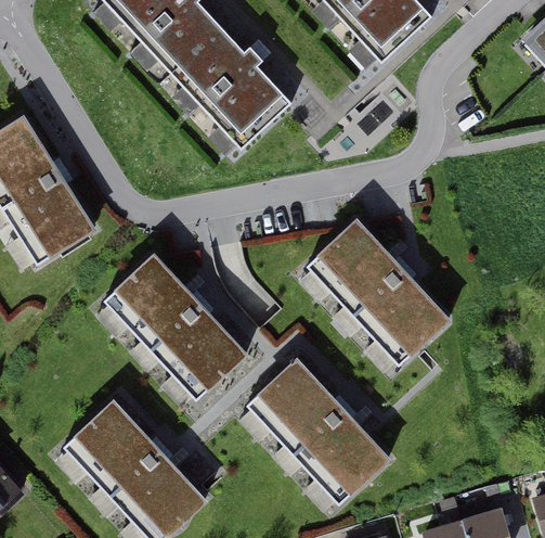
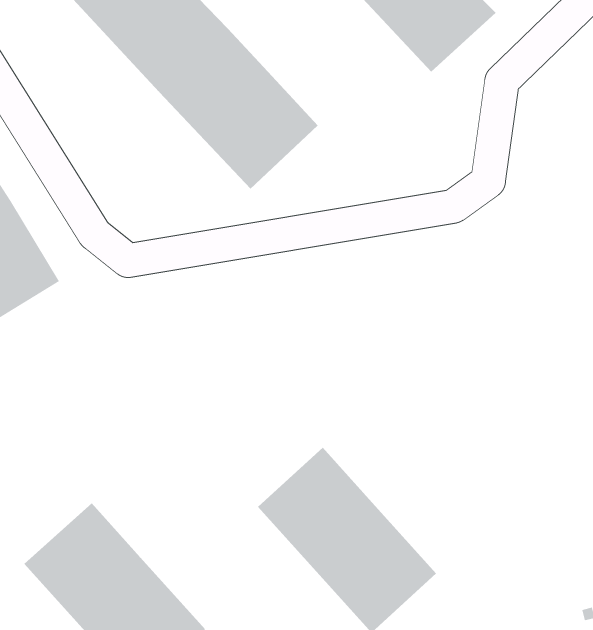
building: [306,218,449,366] -> none
building: [107,256,246,399] -> none

